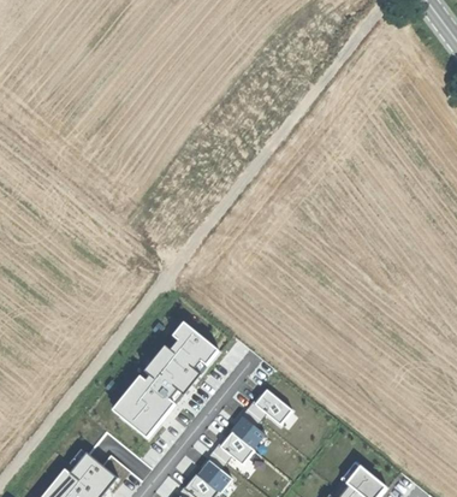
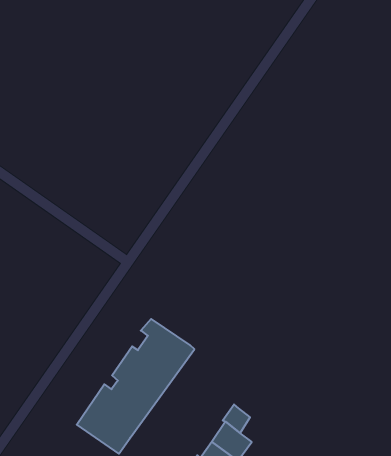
building: [255,390,291,424] -> none

